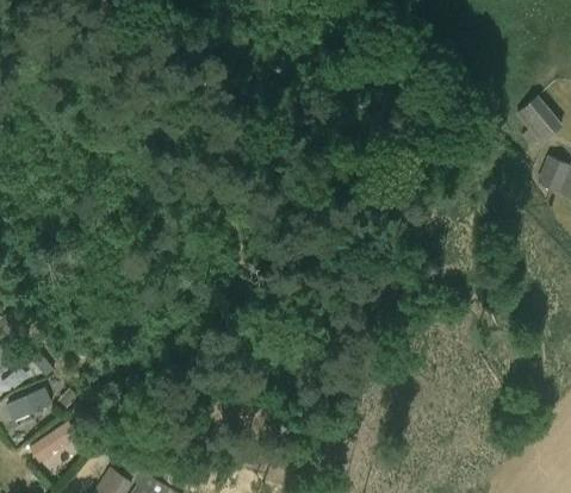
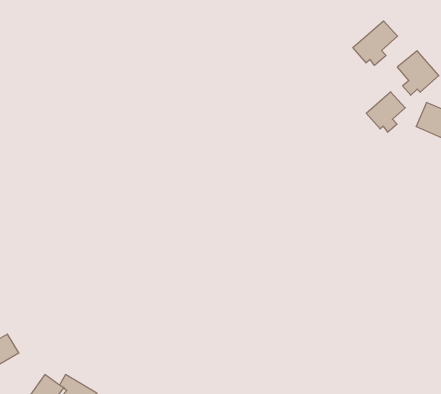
building: none -> [353,21,398,65]
building: none -> [366,92,405,132]

